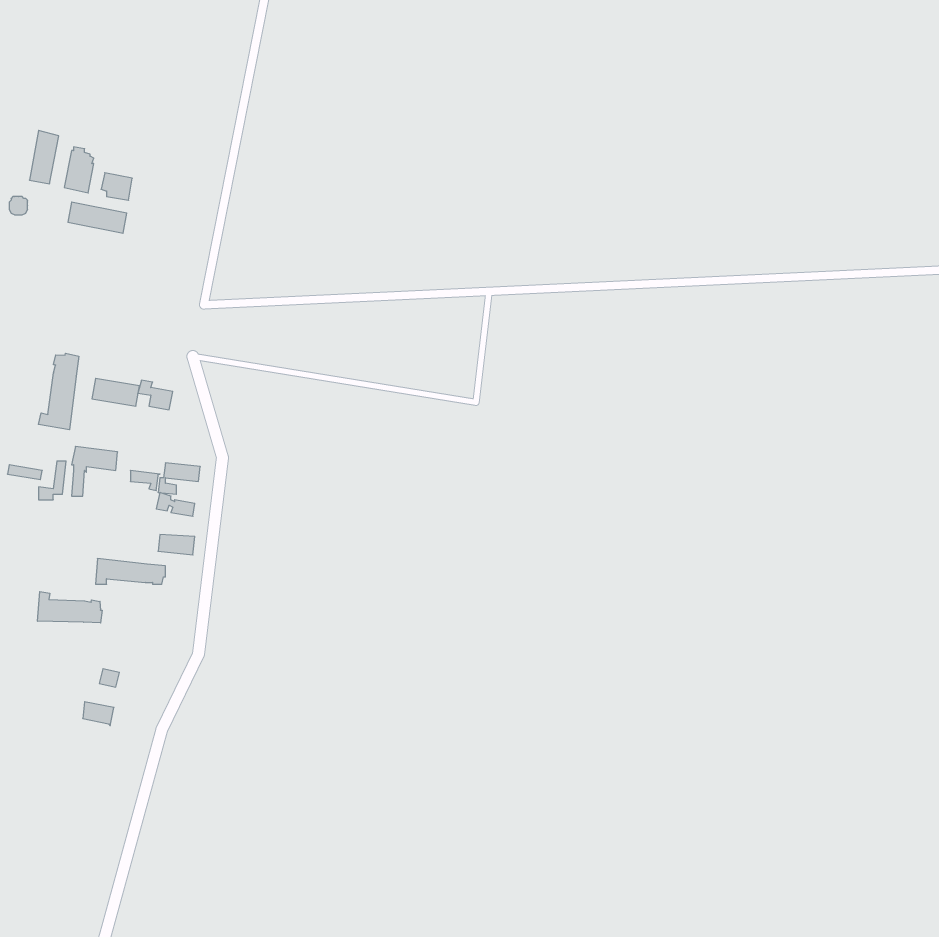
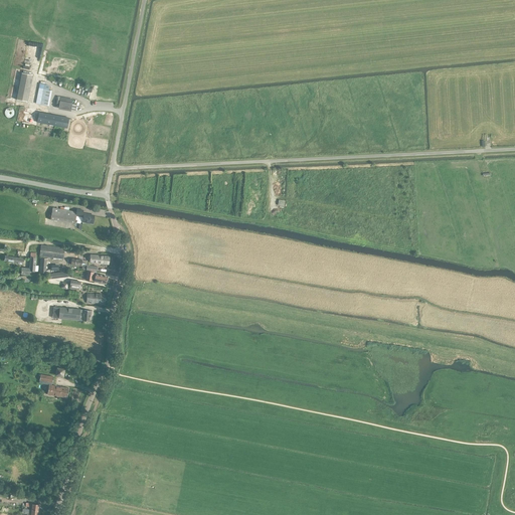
building: [38,353,79,430] -> none
building: [38,592,102,623] -> none

